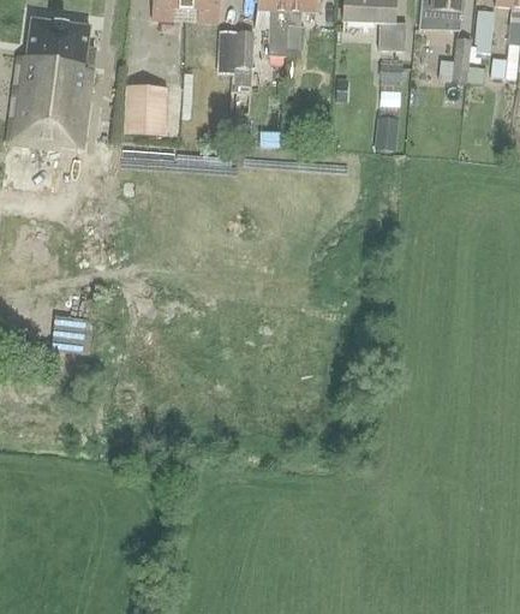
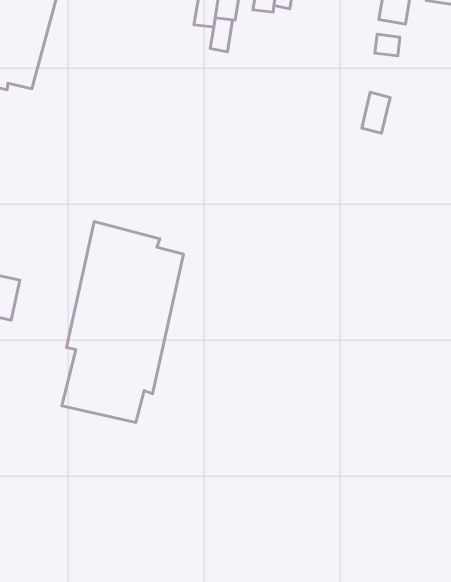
building: [125,83,167,133] -> none
building: none -> [62,222,184,423]

